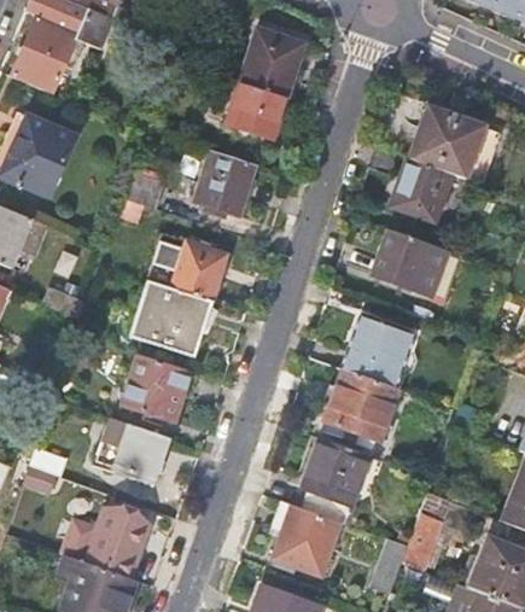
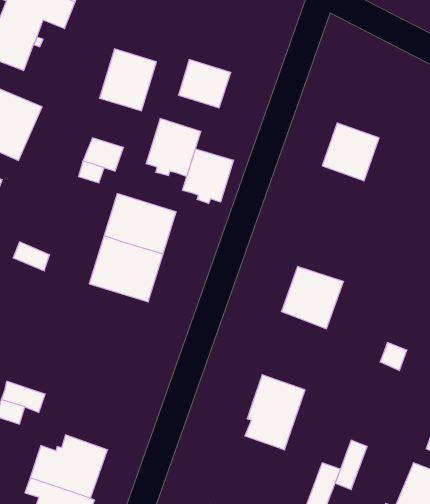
building: [240,29,304,99] -> [99,49,156,111]
building: [409,105,482,176] -> none
building: none -> [183,149,233,204]
building: [372,228,447,292] -> none
building: [119,355,188,421] -> none
building: [326,368,399,441] -> none
building: [94,416,168,479] -> none
building: [272,503,342,576] -> none

